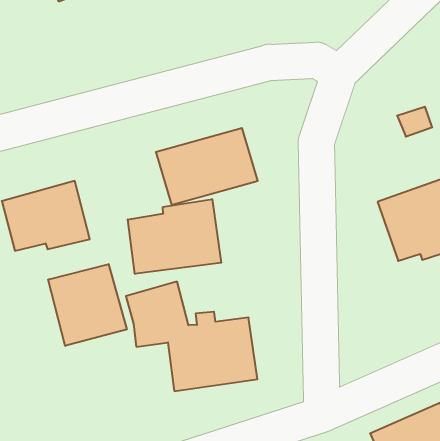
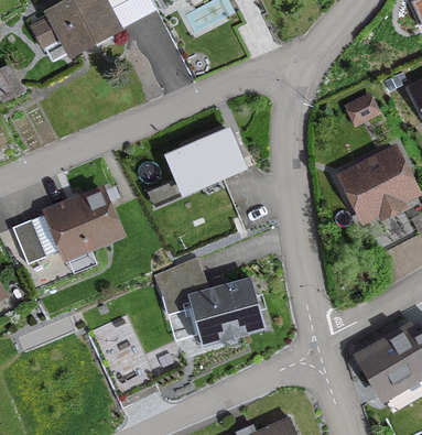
building: [128,199,221,274] -> none
building: [48,264,127,346] -> none

